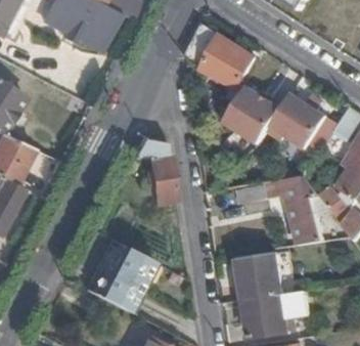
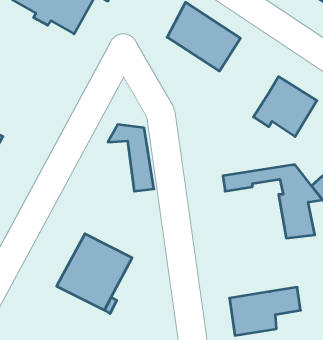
building: [225,87,282,144] -> none
building: [239,253,283,301] -> none

